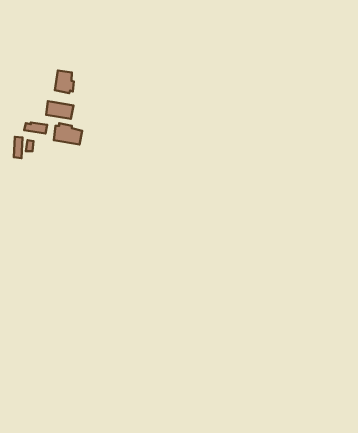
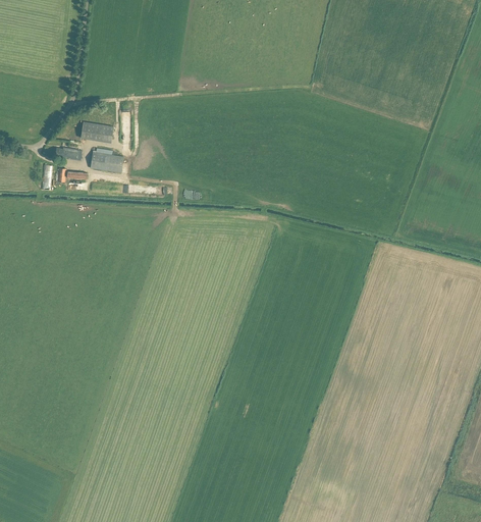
building: [55,71,74,93] -> none

